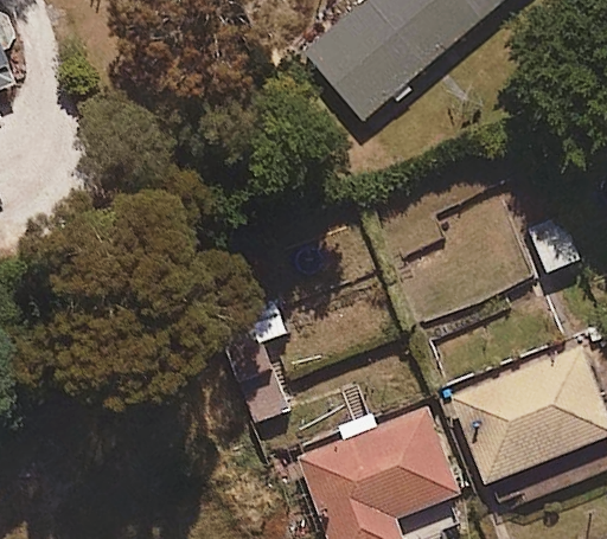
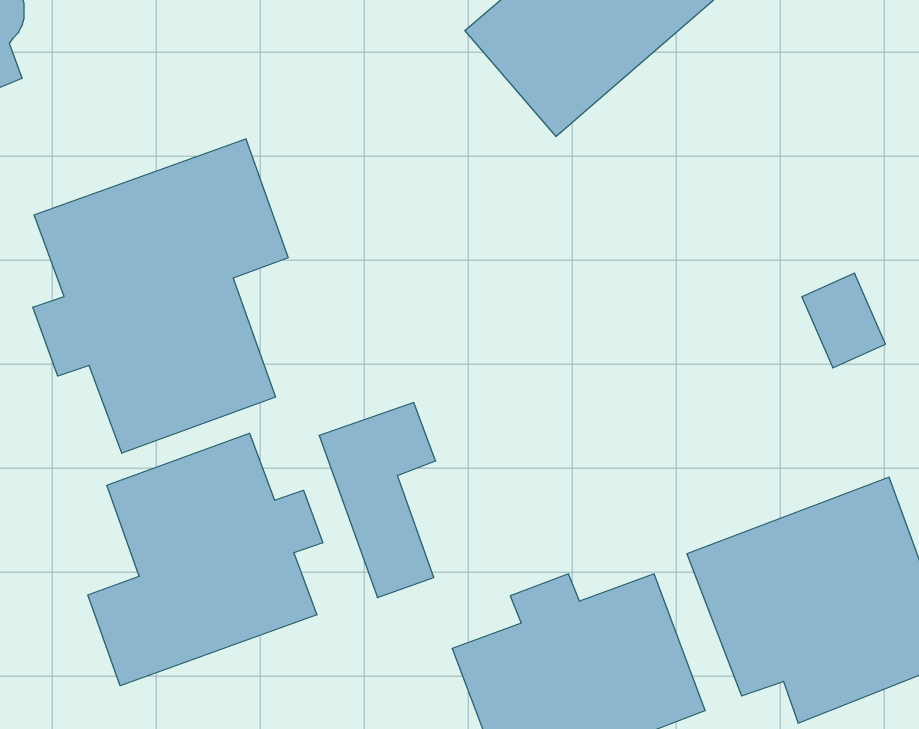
building: none -> [33,139,288,453]
building: none -> [88,433,323,686]

